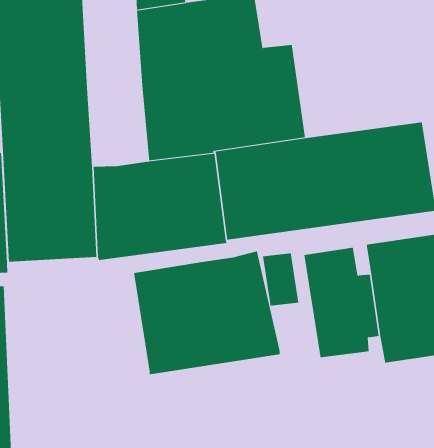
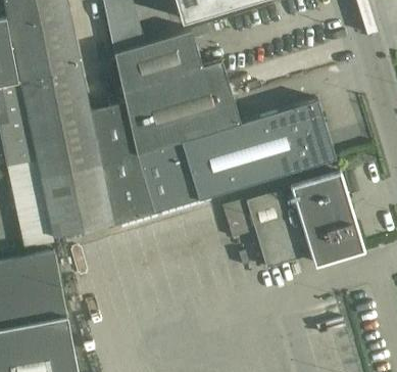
building: none -> [89,104,137,164]
building: [134,250,280,375] -> none

